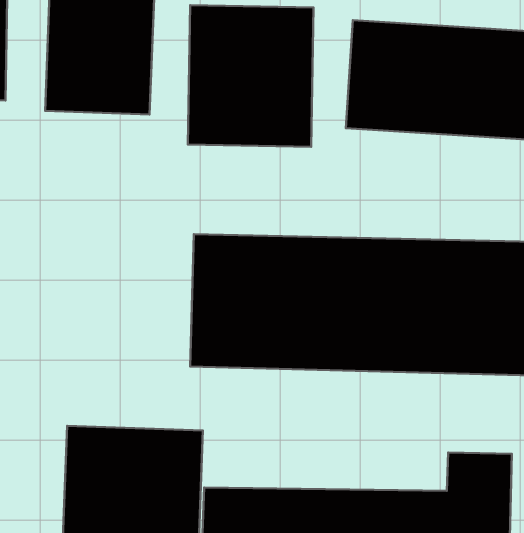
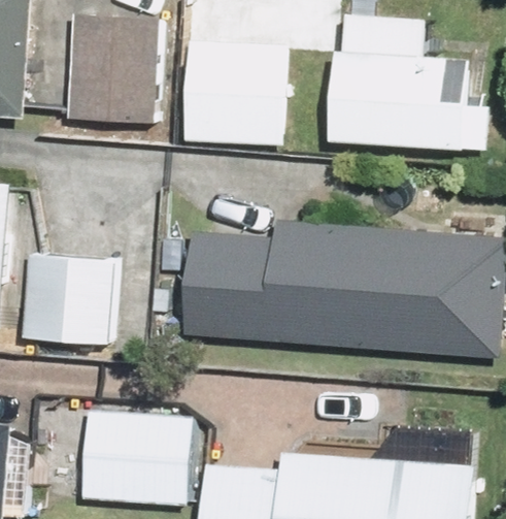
building: none -> [23,260,126,338]

